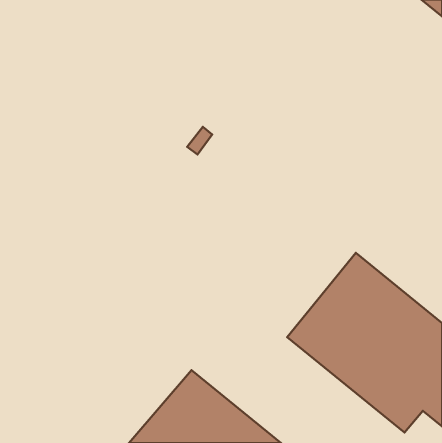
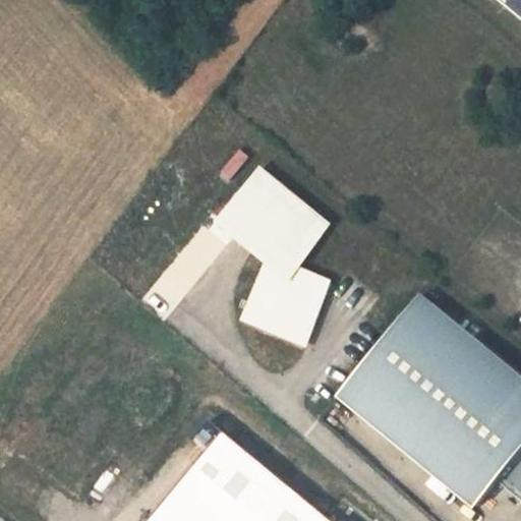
building: none -> [218,169,327,344]

